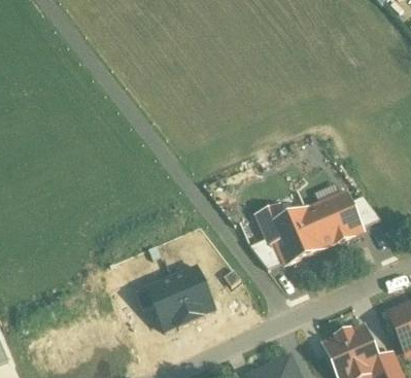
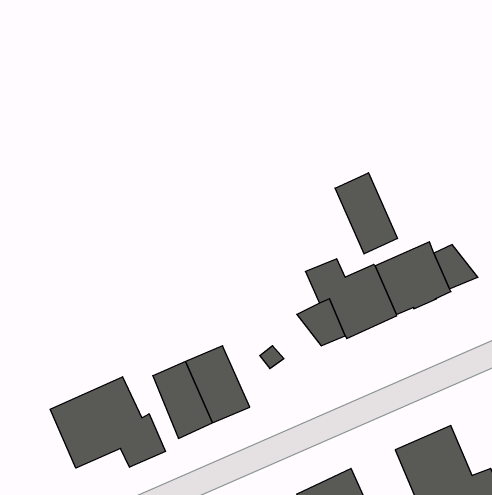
building: none -> [335,173,397,254]
building: none -> [50,377,165,468]

